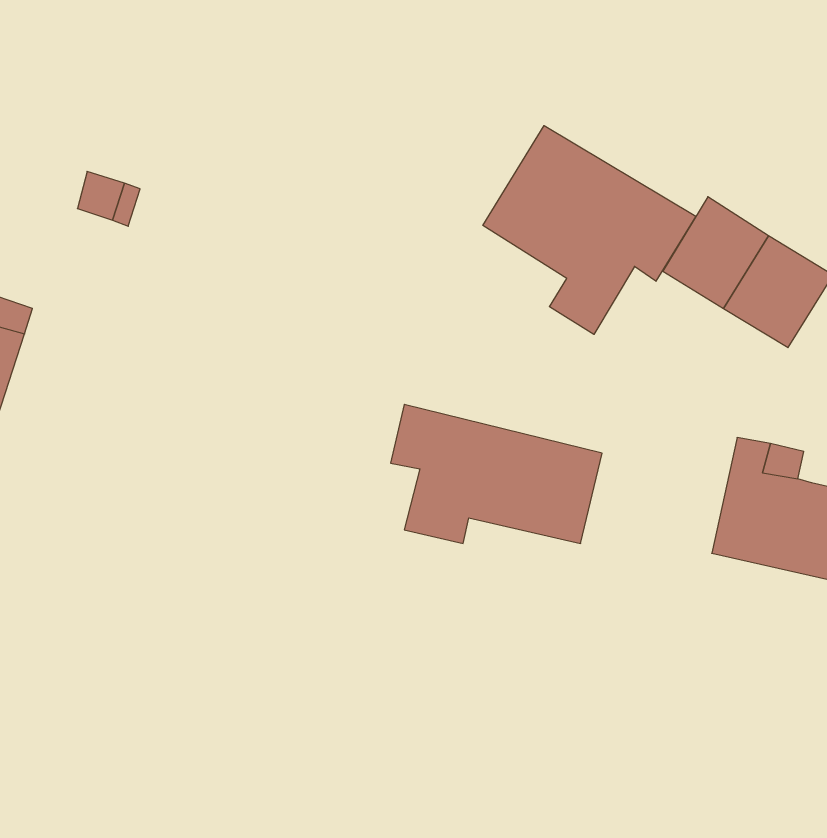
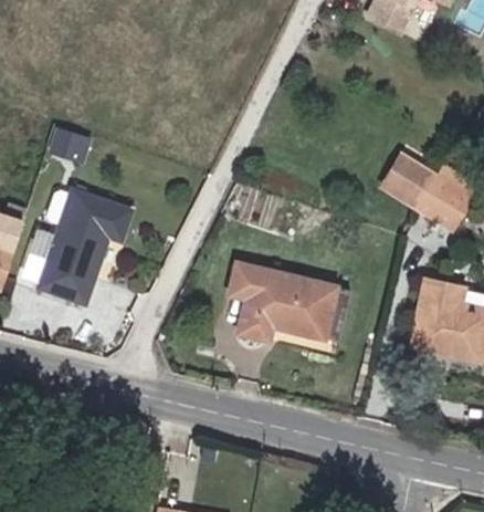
building: [483,126,696,334] -> none
building: none -> [39,190,133,303]

